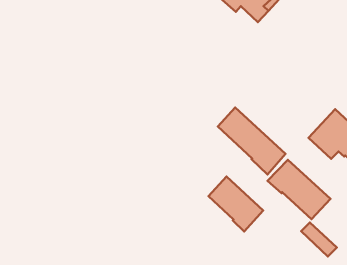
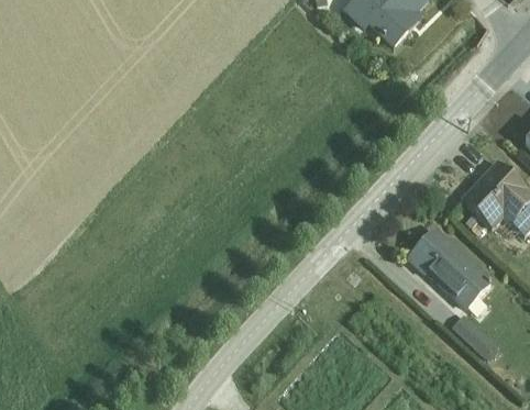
building: [218,108,286,174] -> none
building: [208,177,263,231] -> none

